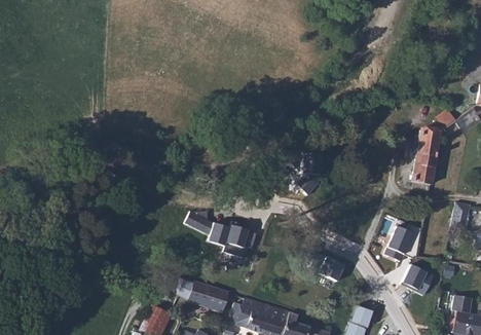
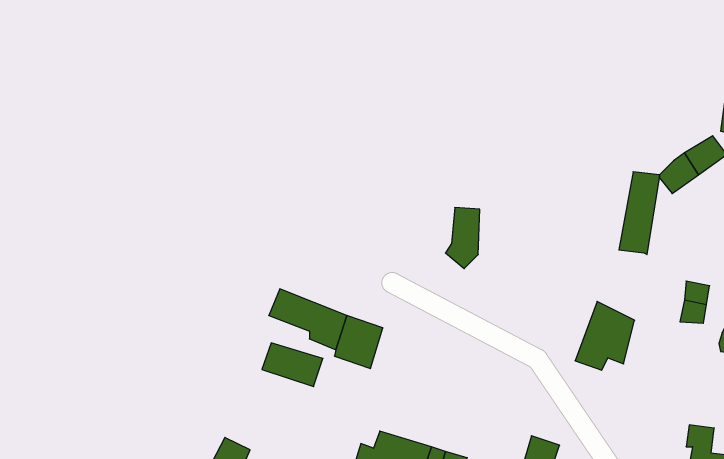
building: [317,257,343,282] -> none
building: [400,264,433,296] -> none
building: [188,283,228,311] -> [262,343,323,387]

